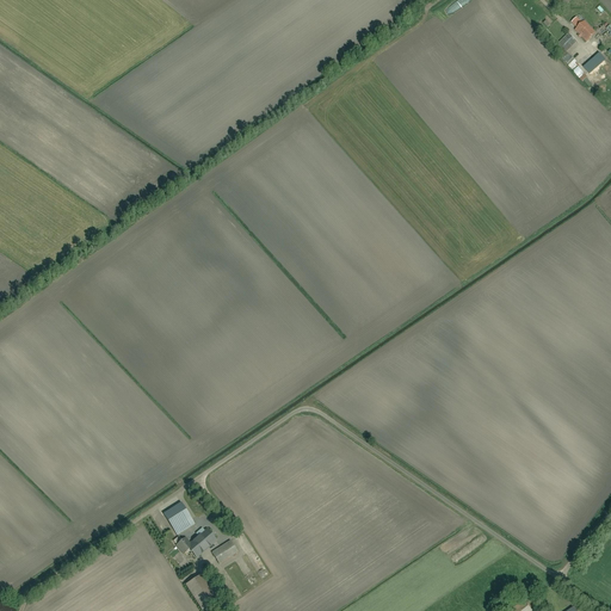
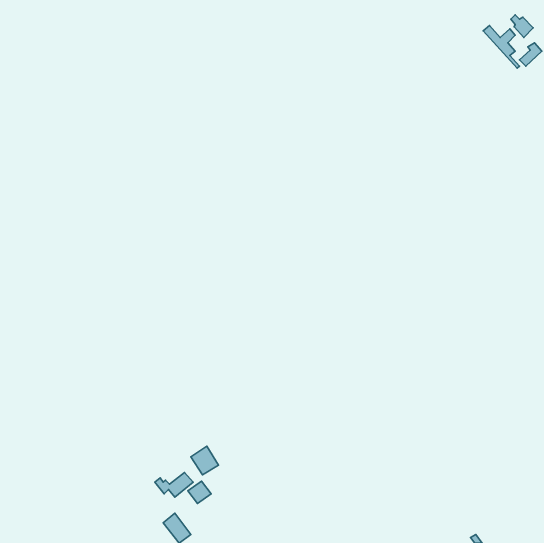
building: [165,501,196,533] -> [191,446,219,475]

